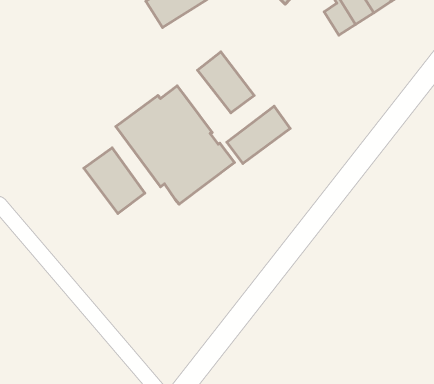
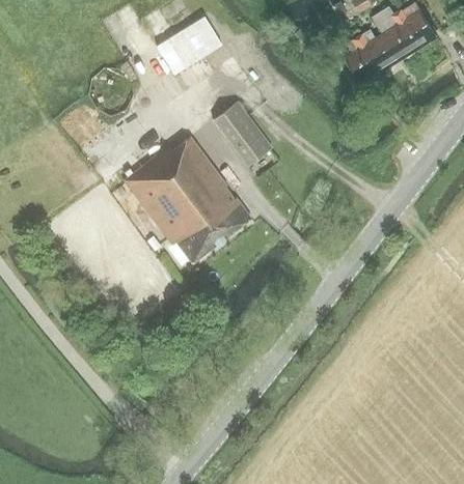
building: [227,106,290,163] -> none
building: [84,148,145,214] -> none

